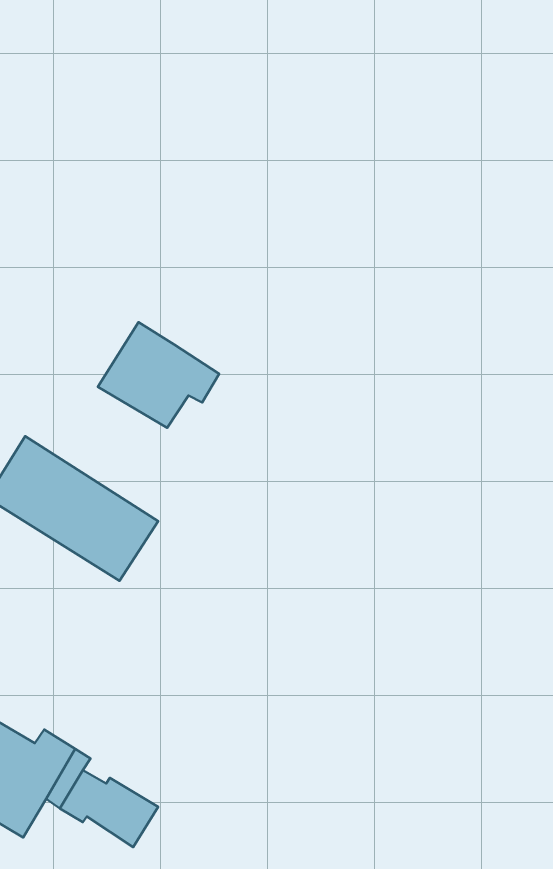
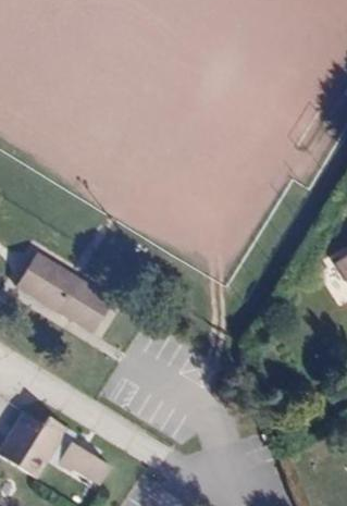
building: [98,322,219,428] -> none

